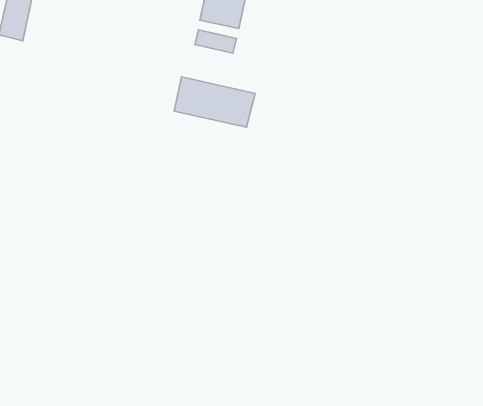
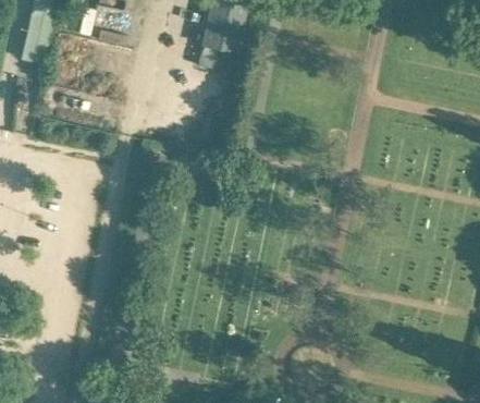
building: [174,77,255,127] -> none

